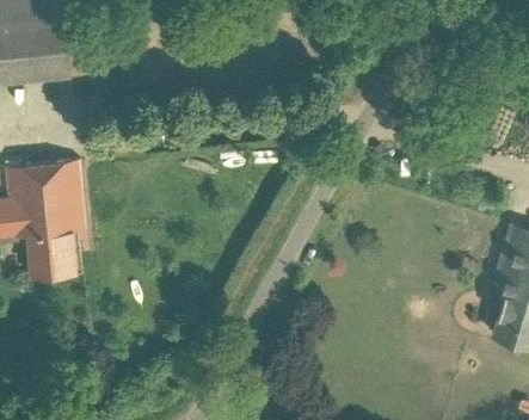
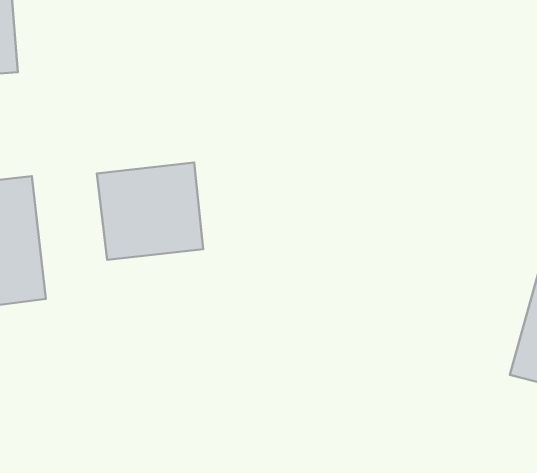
building: none -> [97,162,203,260]

